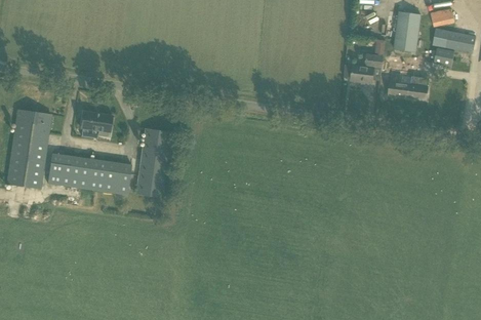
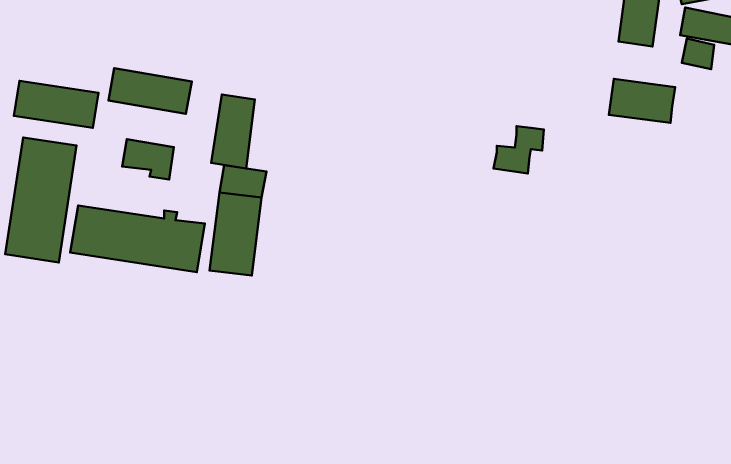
building: [351,53,383,83] -> [494,126,544,173]
building: none -> [108,68,192,114]
building: none -> [14,81,99,128]
building: none -> [211,94,255,168]

